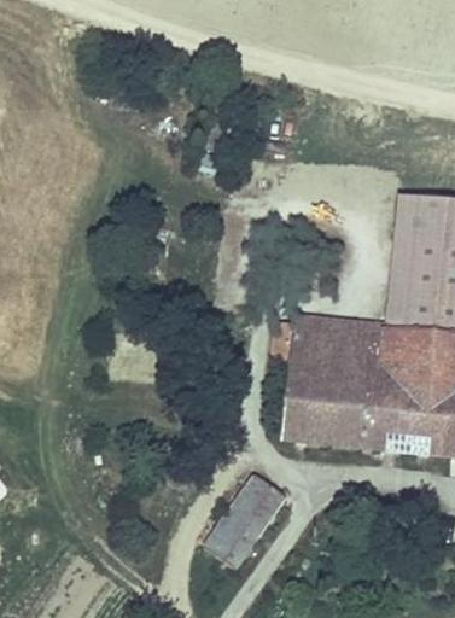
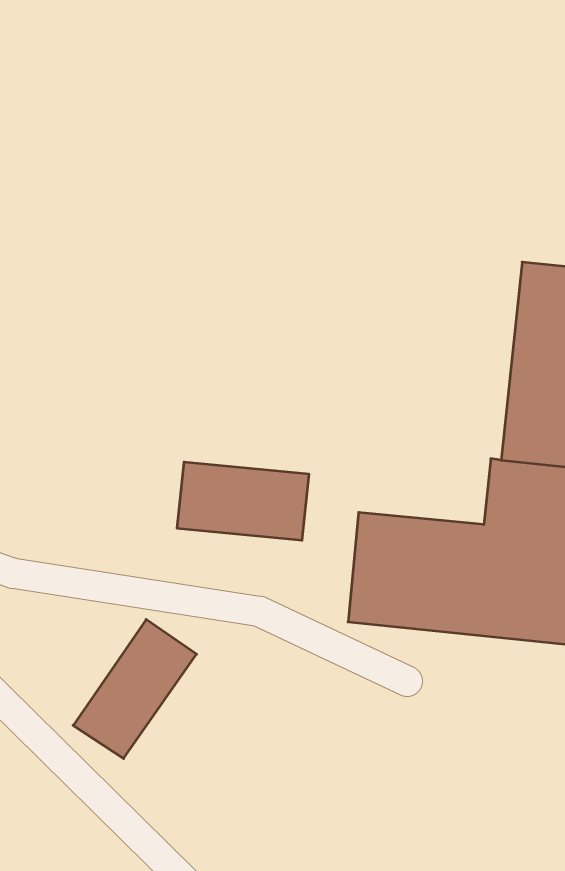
building: [287,316,379,371] -> [177,462,309,540]
building: [203,472,288,569] -> [73,619,197,759]

